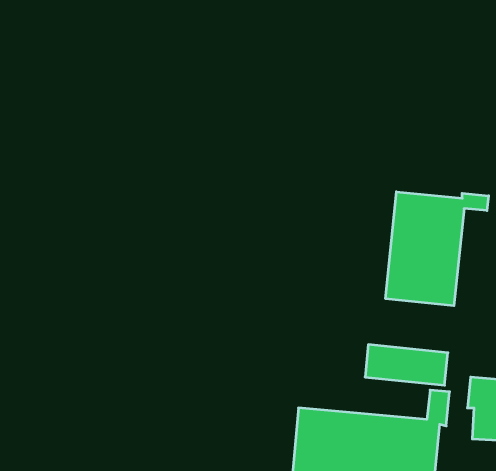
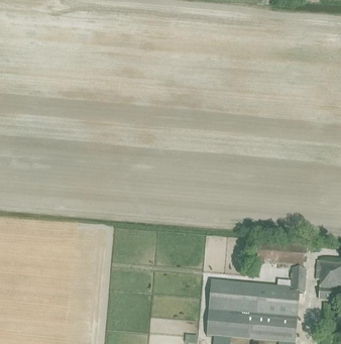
building: [386,192,489,306] -> none

